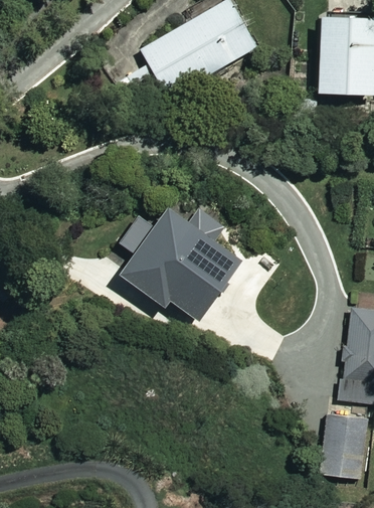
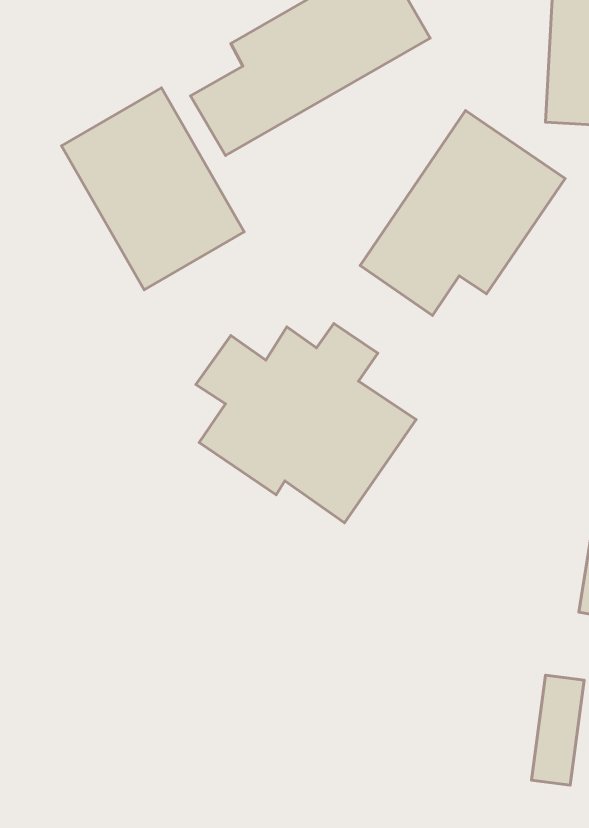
building: none -> [61,88,244,290]
building: none -> [360,110,565,316]

